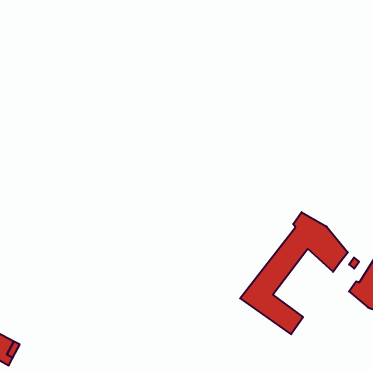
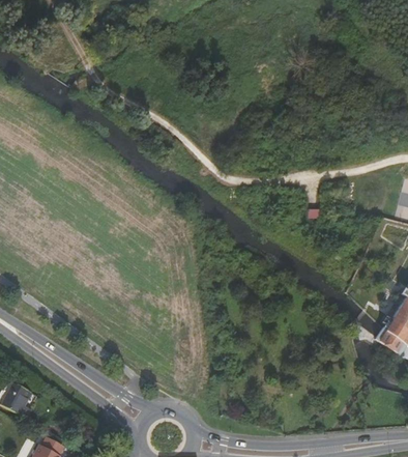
building: [240,212,348,334] -> none

